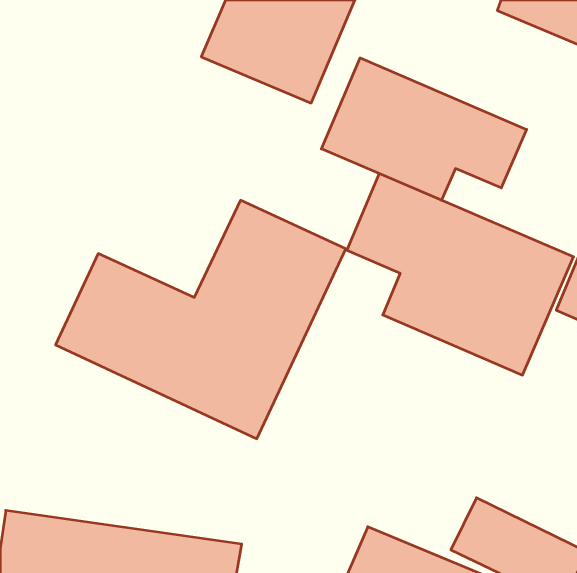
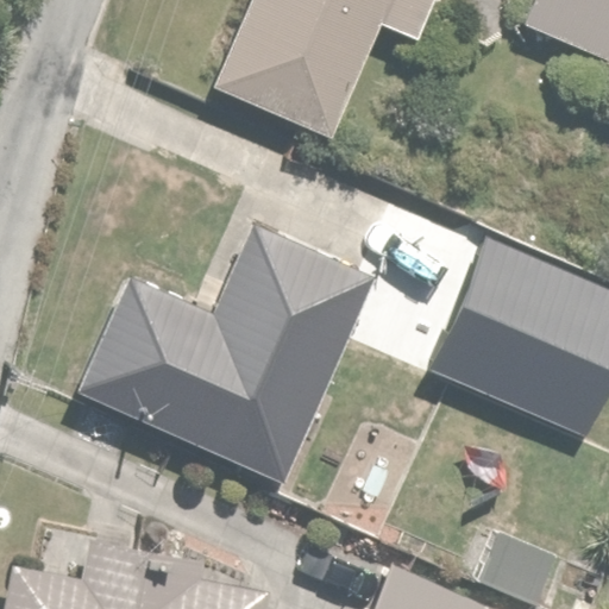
building: [321,58,527,200] -> none

